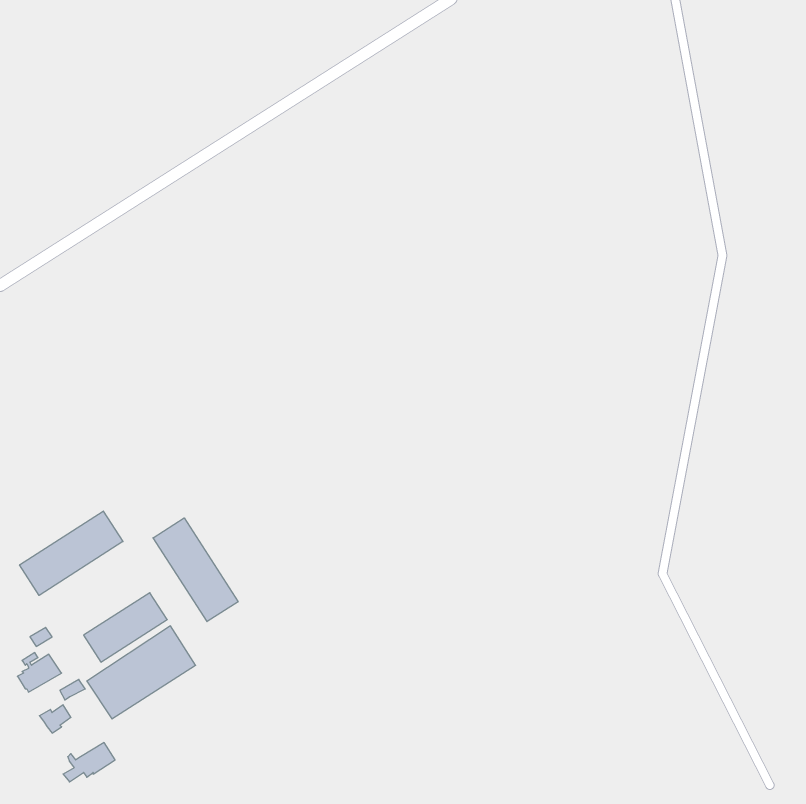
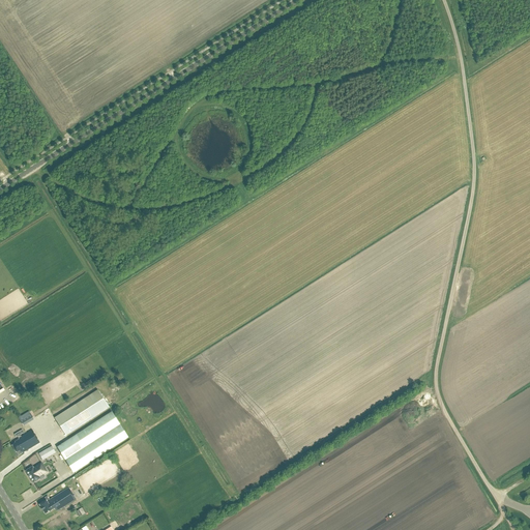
building: [20,511,123,595] -> none
building: [153,518,238,622] -> none

